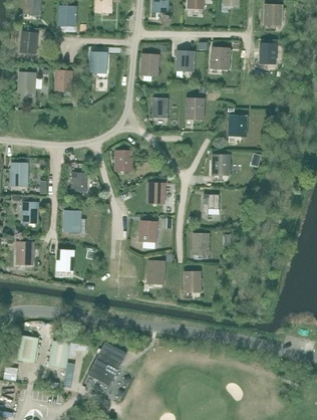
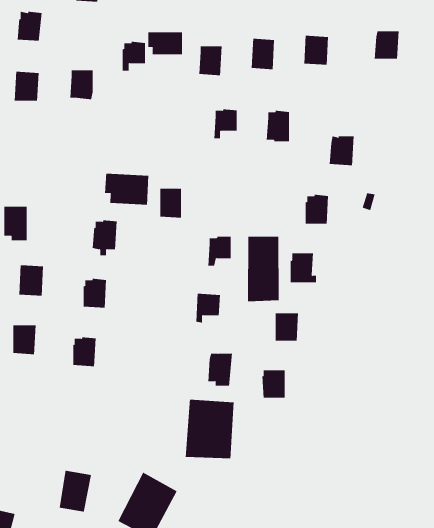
building: none -> [148,32,182,55]
building: none -> [105,173,149,205]
building: none -> [248,236,279,302]
building: none -> [185,399,234,459]
building: [16,335,38,362] -> none

